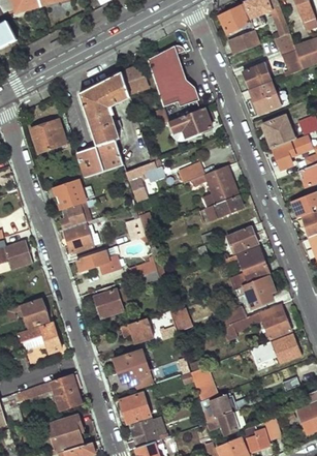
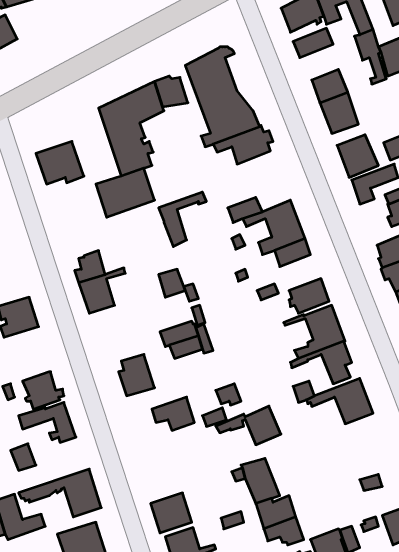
building: [55,180,86,210] -> none
building: [73,246,120,274] -> none
building: [250,333,300,363] -> [216,406,281,445]
building: [116,353,153,388] -> none

